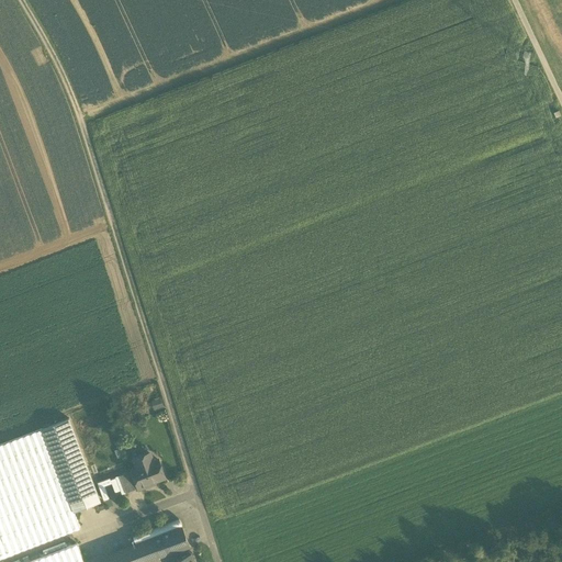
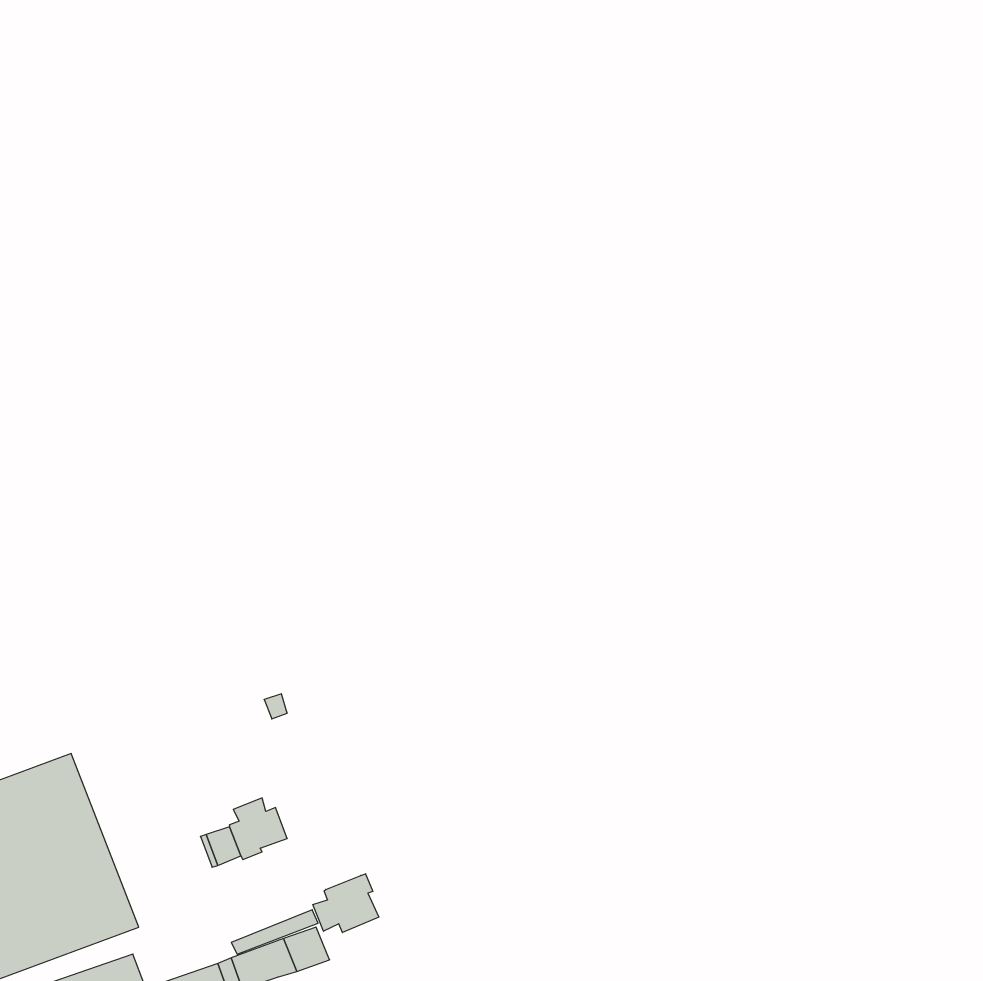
building: [41,420,99,514] -> none
building: none -> [313,874,379,933]

